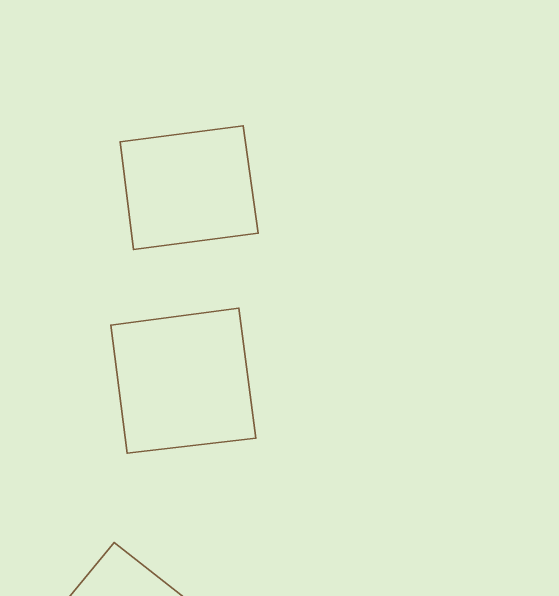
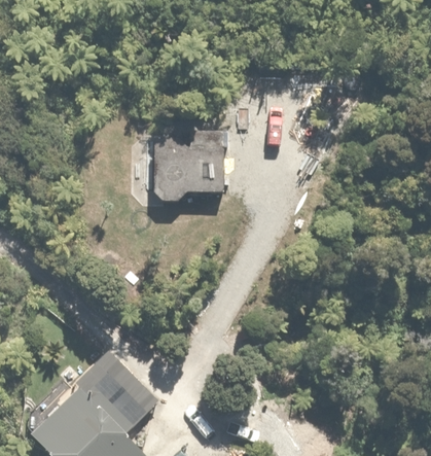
building: [111,308,256,453] -> none

